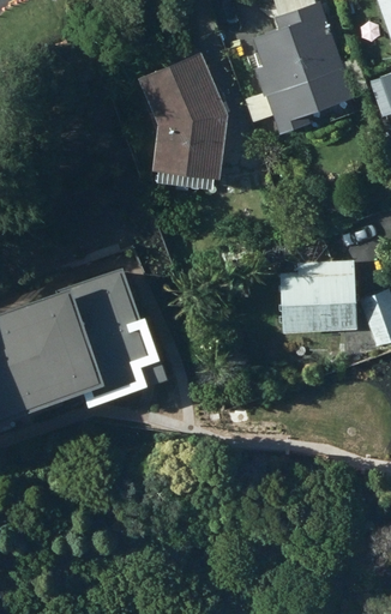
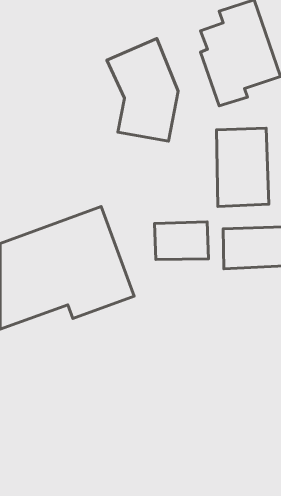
building: none -> [216,128,269,206]
building: none -> [155,222,209,259]

